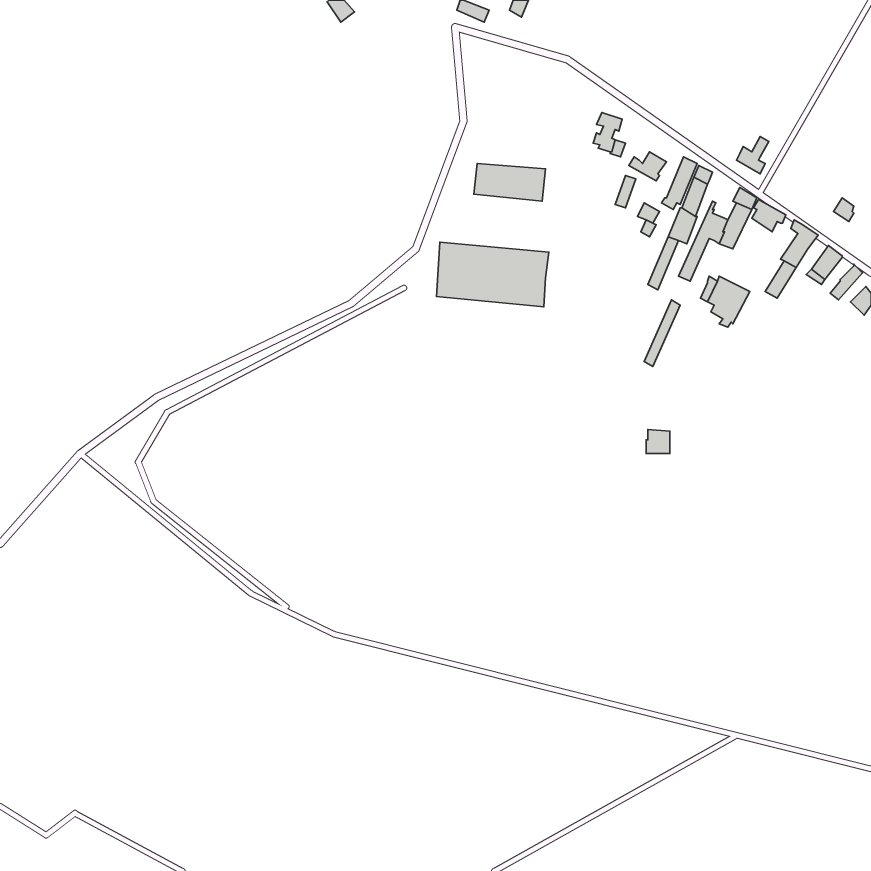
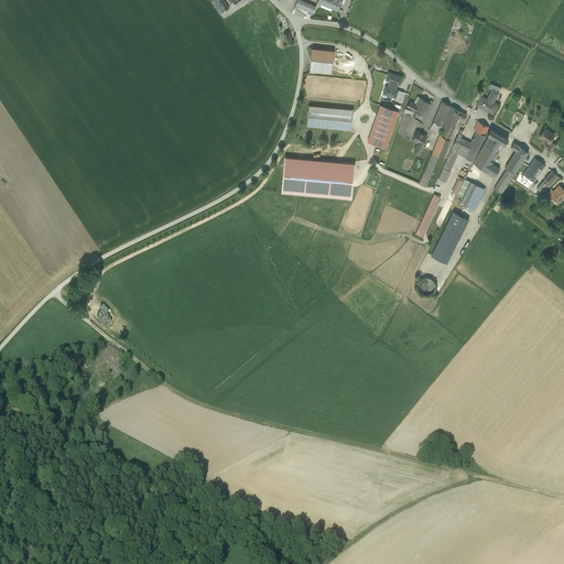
building: none -> [310,48,334,73]
building: none -> [367,105,399,148]
building: none -> [474,141,499,178]
building: none -> [431,212,468,263]

